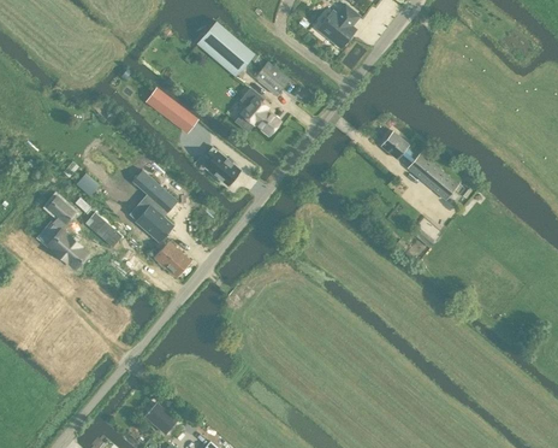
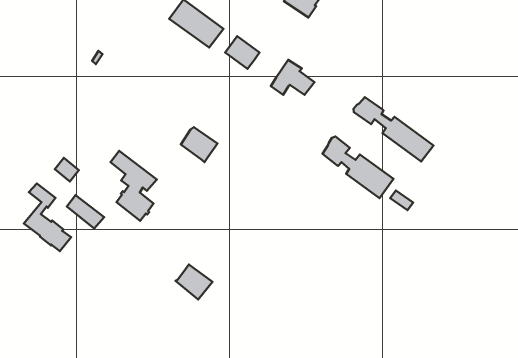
building: [146,88,197,132] -> none
building: [236,98,280,134] -> [271,60,315,95]
building: none -> [323,136,393,198]
building: [154,241,191,277] -> [175,264,212,300]

